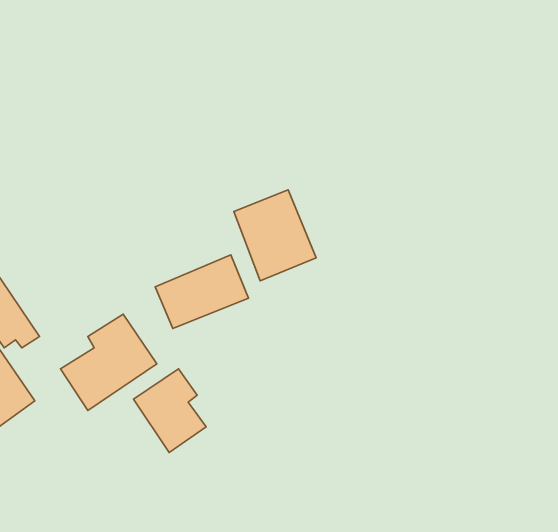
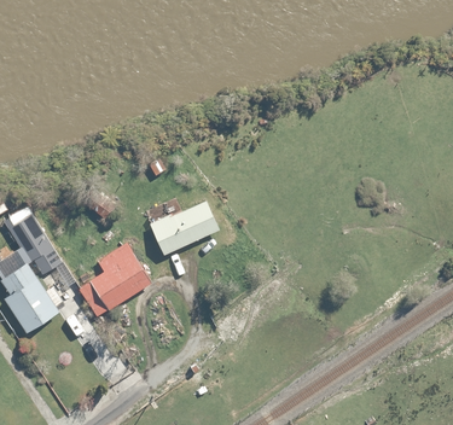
building: [234,190,316,281] -> none
building: [133,369,206,452] -> none

